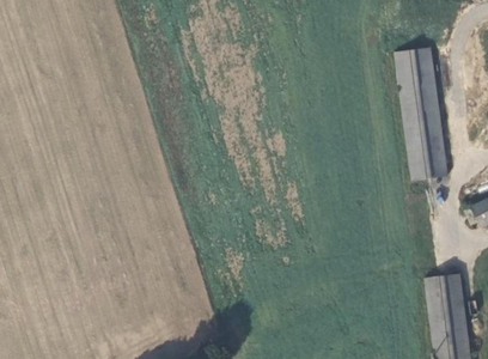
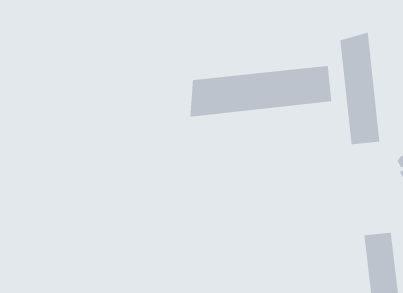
building: none -> [190,65,332,118]

